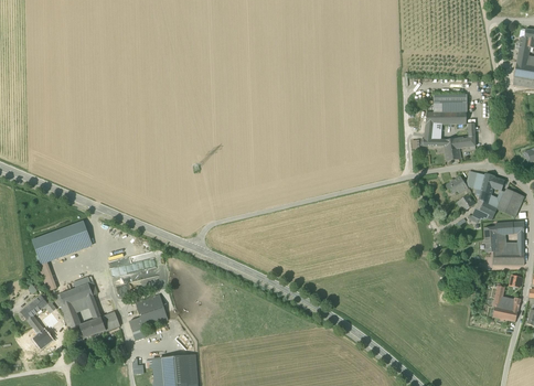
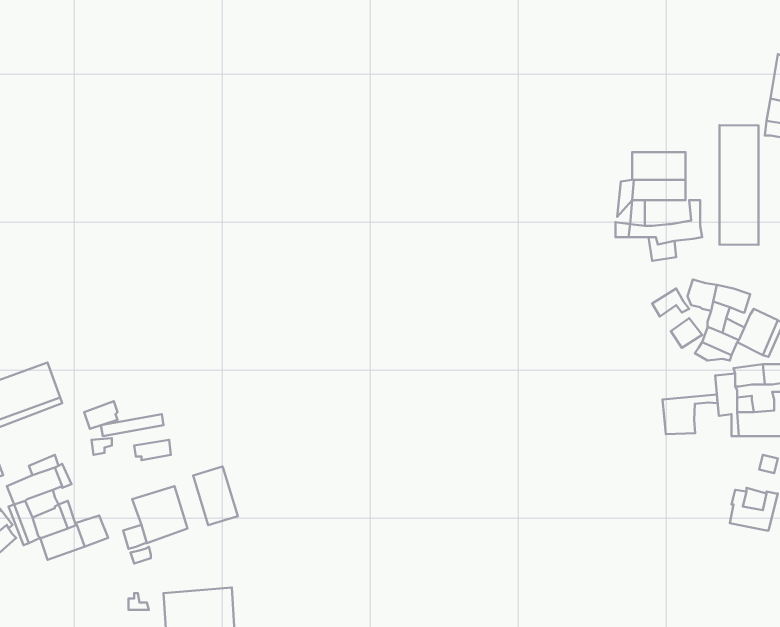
building: none -> [720,125,758,245]
building: none -> [663,394,718,434]
building: none -> [193,466,238,525]

